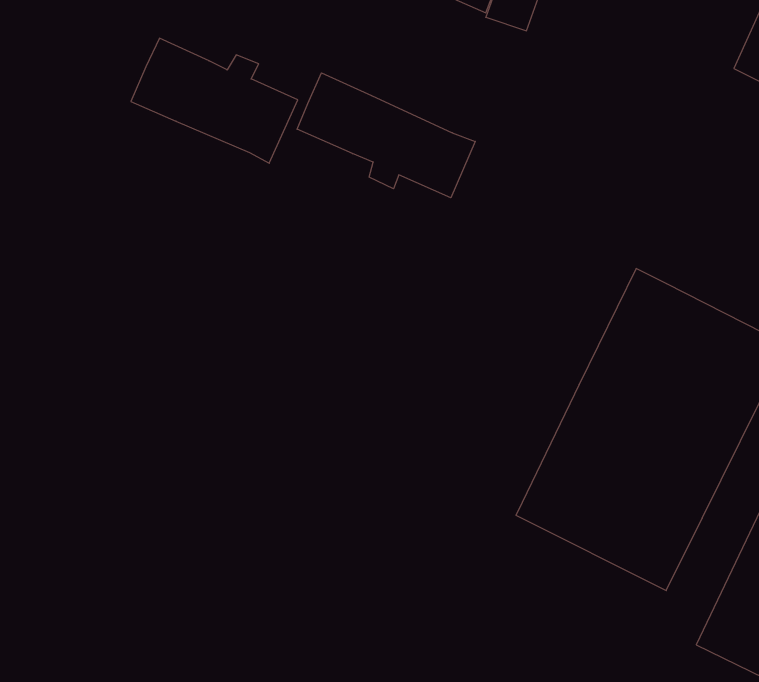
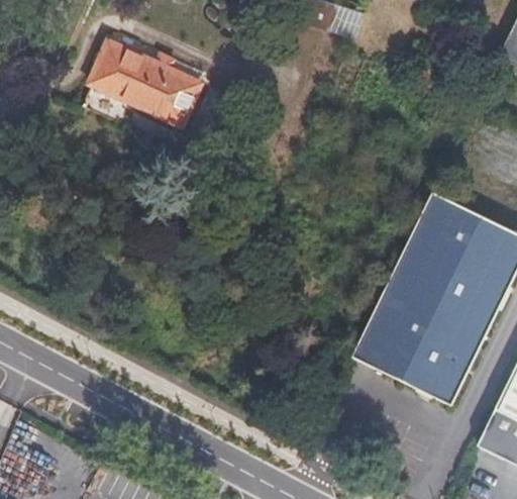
building: [297,73,475,198] -> none

